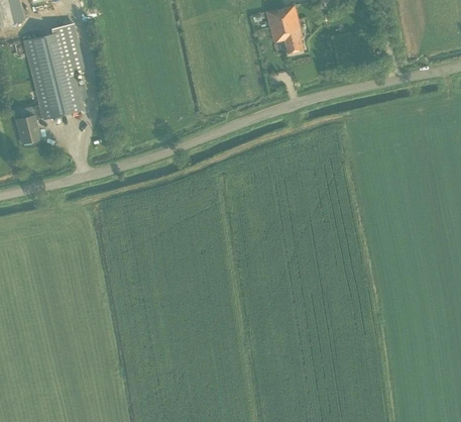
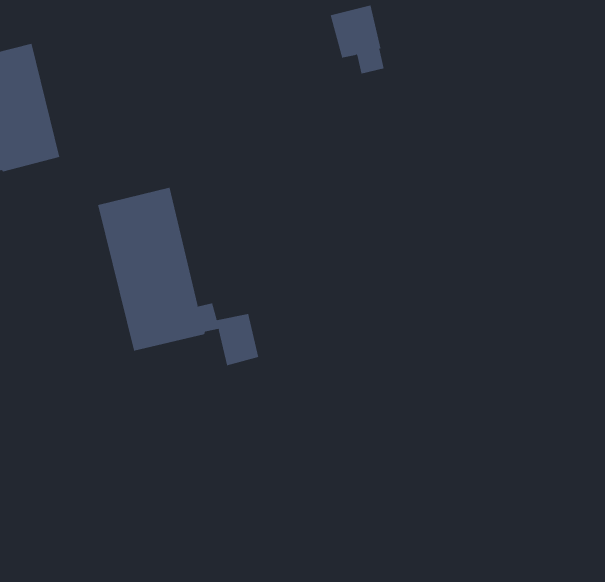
building: none -> [97,187,259,366]

